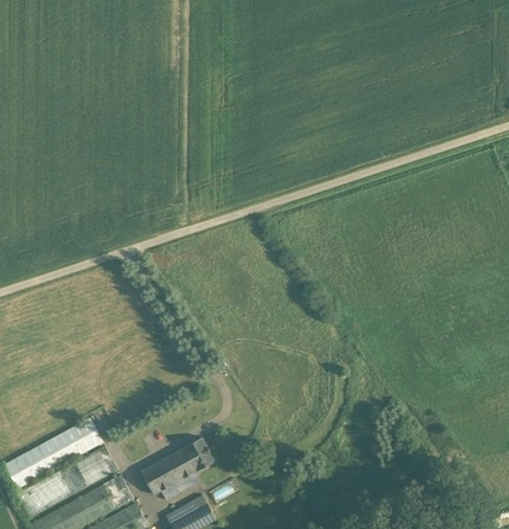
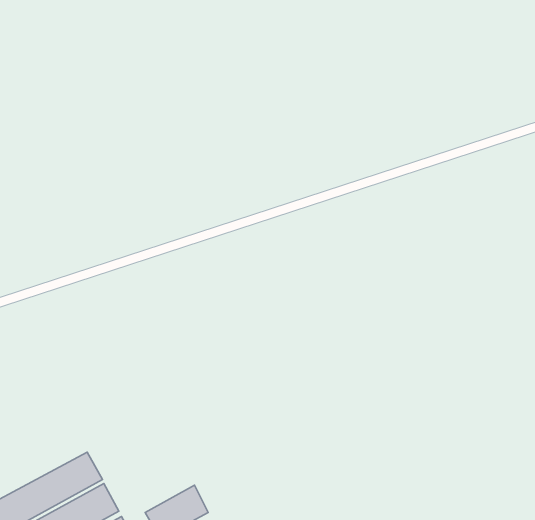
building: [185,436,215,470] -> none

